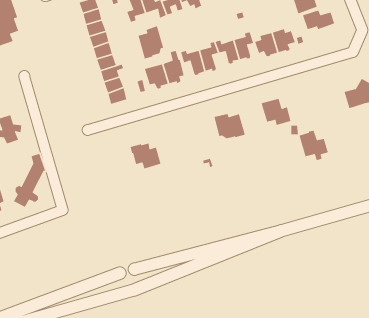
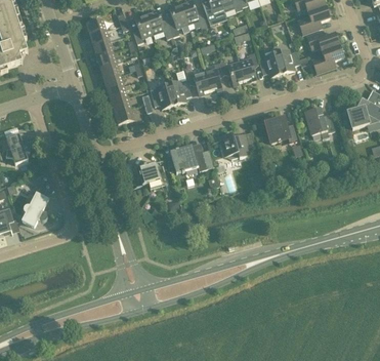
building: none -> [315,44,343,72]
building: [138,25,164,60] -> none
building: none -> [170,144,214,172]
building: [299,130,329,161] -> [305,107,335,137]

